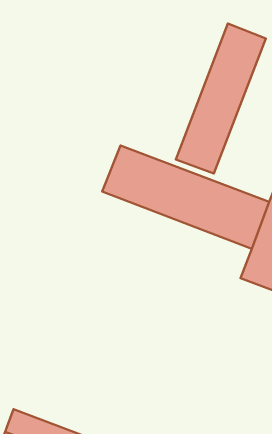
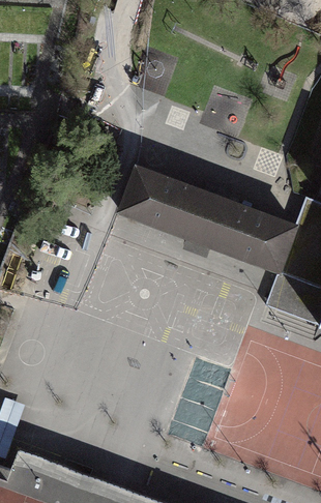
building: [176,23,266,174] -> none

